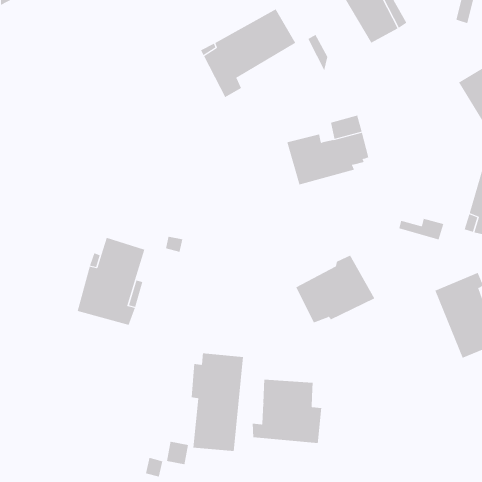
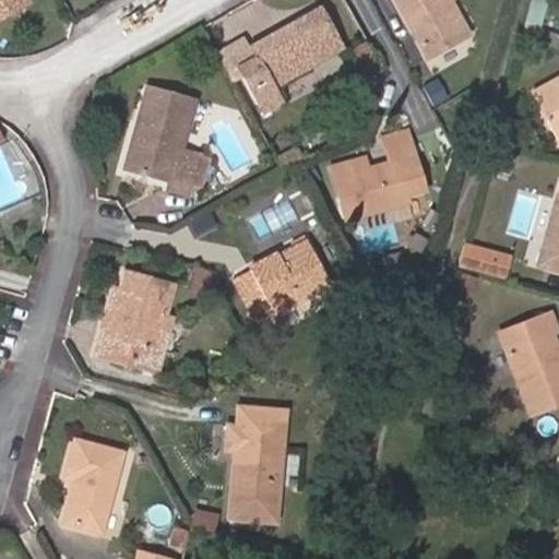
building: none -> [124,85,199,193]
building: [295,255,375,323] -> [238,239,330,318]
building: [252,379,322,444] -> none
building: none -> [67,439,126,528]

